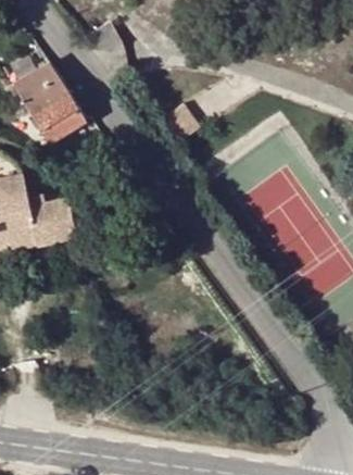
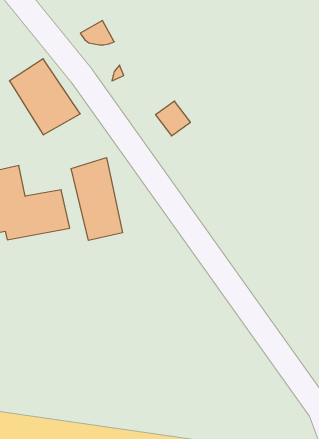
building: none -> [71,158,122,240]

